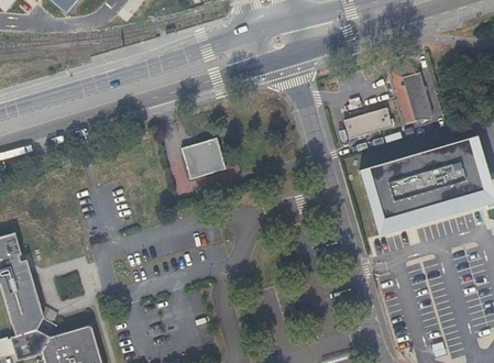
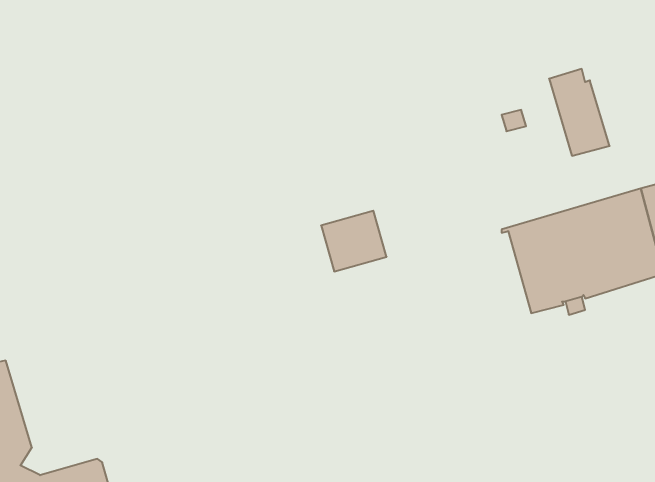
building: [344,108,393,139] -> none
building: [182,138,226,178] -> [321,211,387,271]

